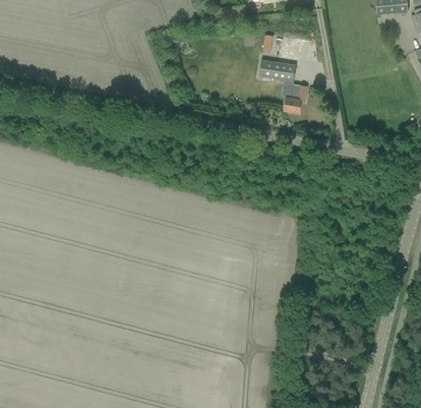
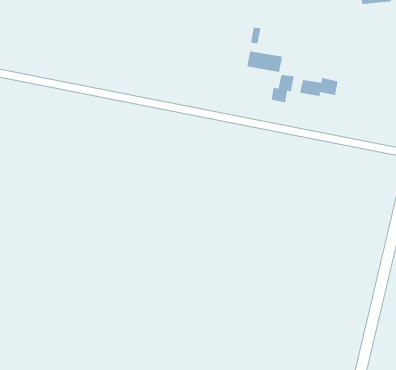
building: none -> [300,77,338,97]

